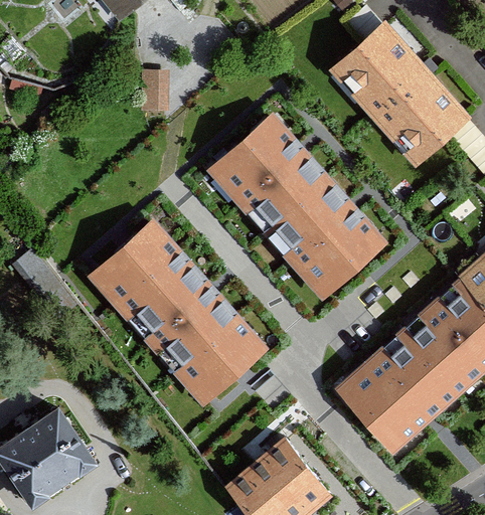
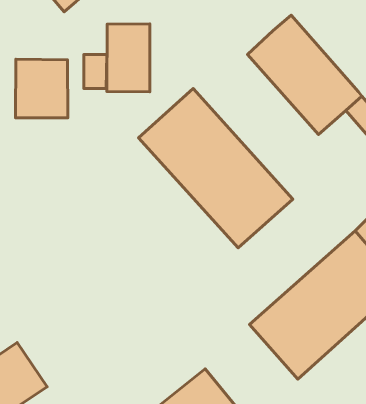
building: none -> [107,24,150,92]
building: none -> [16,59,68,118]
building: [87,216,269,407] -> none

